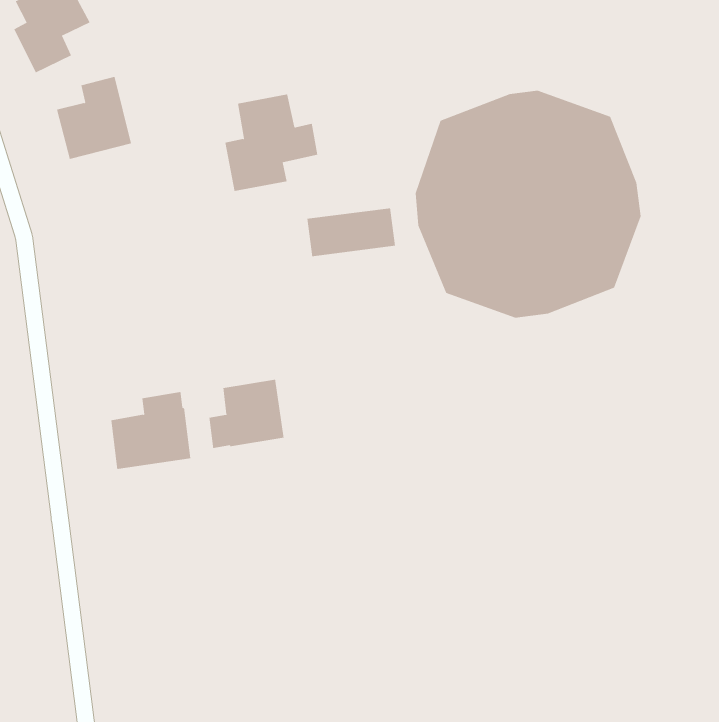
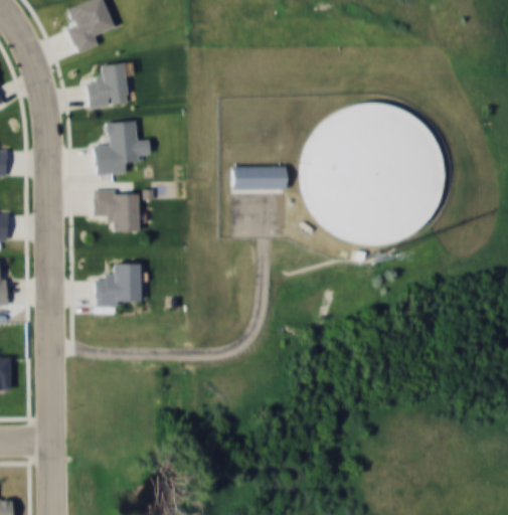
building: [224,94,318,192] -> [94,120,151,176]
building: none -> [93,189,140,227]
building: [209,379,284,449] -> none

